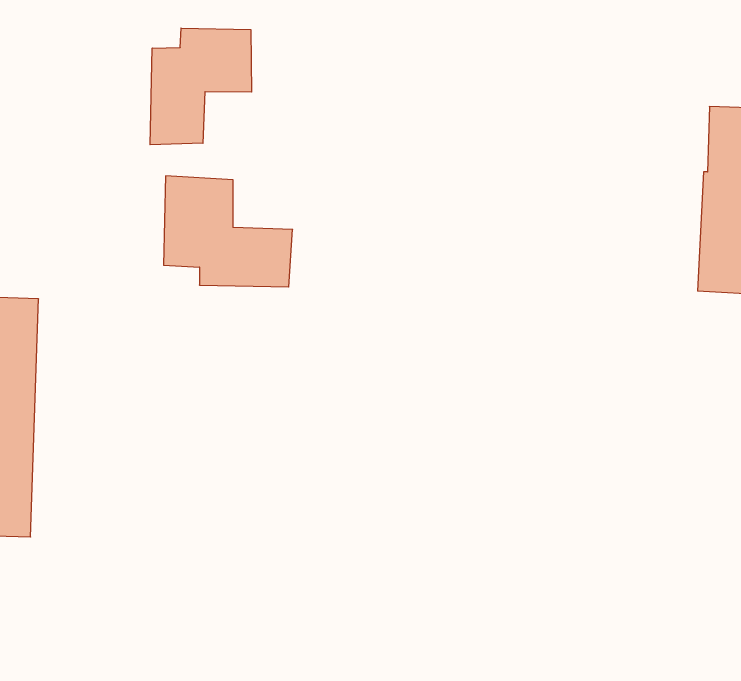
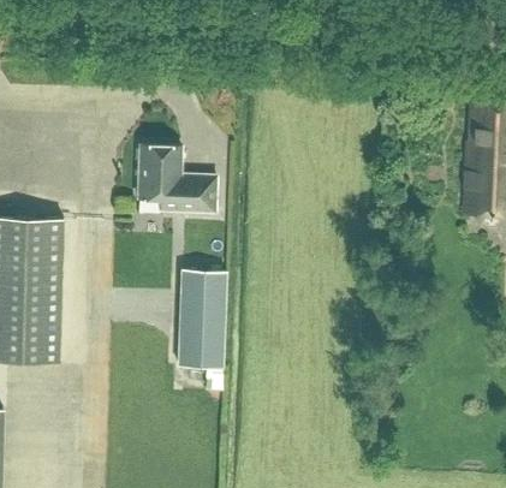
building: [150,28,252,145] -> none
building: none -> [179,270,226,369]

